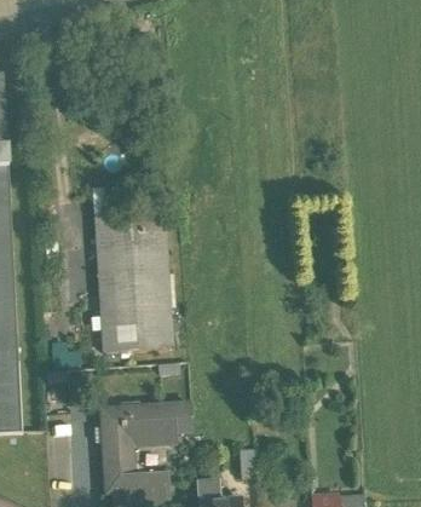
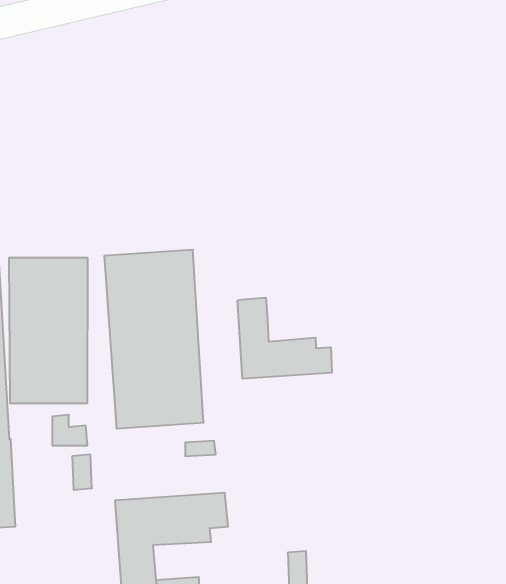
building: none -> [9,258,87,403]
building: none -> [238,298,332,379]

